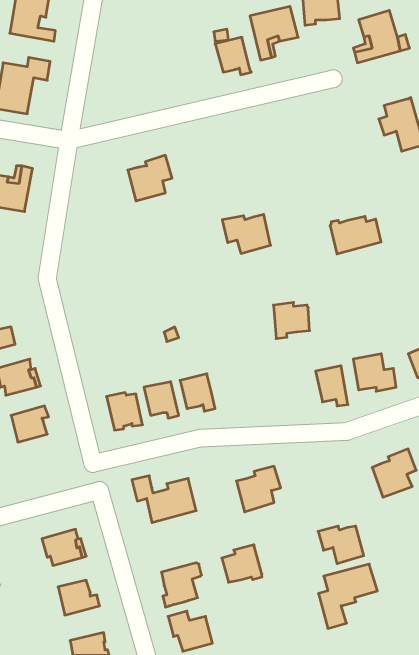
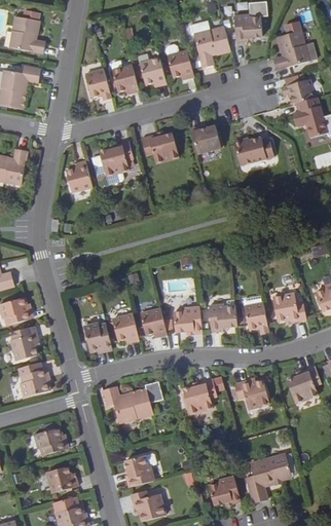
building: none -> [139,58,167,86]
building: none -> [112,65,139,92]
building: none -> [85,69,111,101]
building: none -> [281,79,315,104]
building: none -> [190,125,221,154]
building: none -> [66,160,93,192]
building: [222,214,271,253] -> [141,134,178,163]
building: [330,216,381,254] -> [233,137,272,165]
building: [273,302,310,339] -> [209,304,236,332]
building: none -> [173,307,201,333]
building: none -> [19,362,49,397]
building: [318,526,364,564] -> [233,380,268,409]
building: [222,545,262,582] -> [209,476,240,504]

